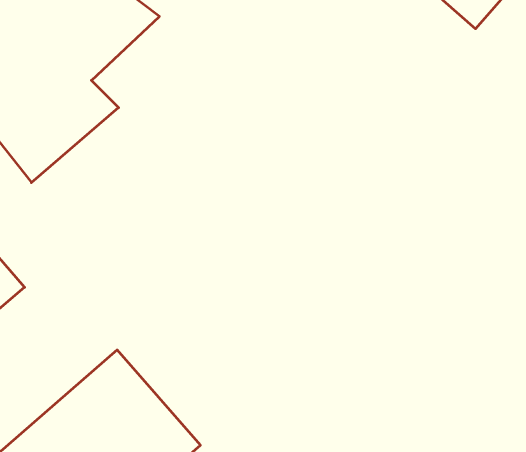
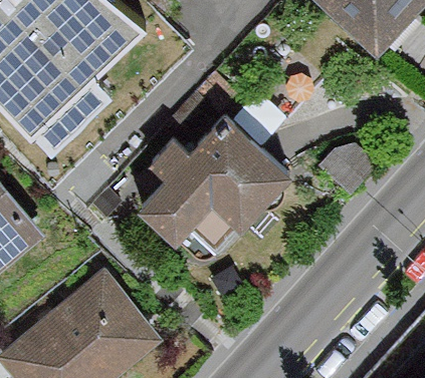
building: none -> [147,112,288,254]

